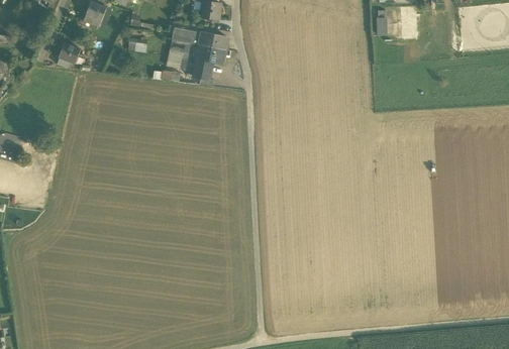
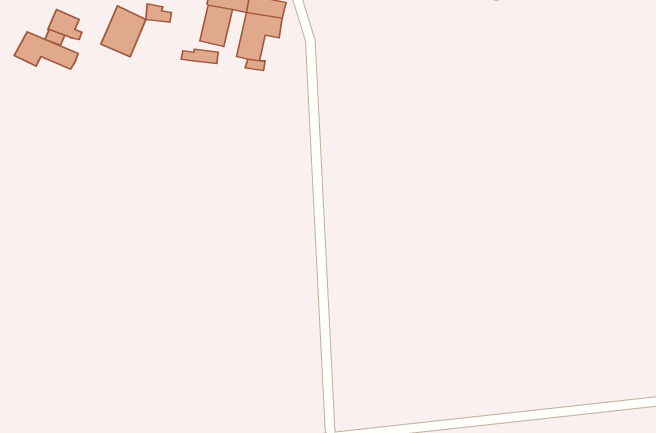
building: none -> [101,6,146,57]
building: none -> [14,32,78,69]

